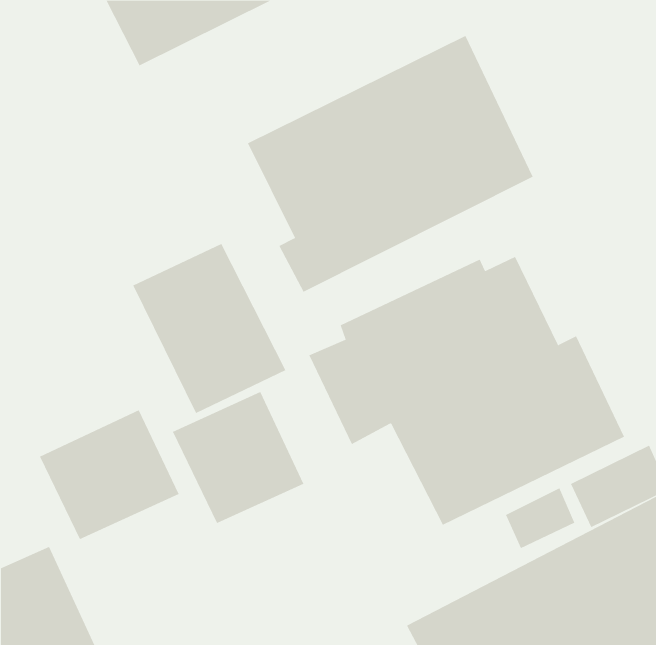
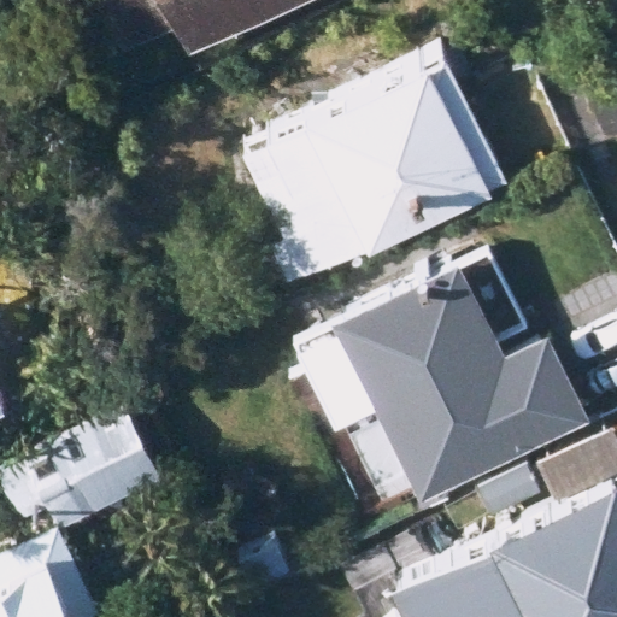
building: [132,243,286,414] -> none
building: [172,391,304,524] -> none

